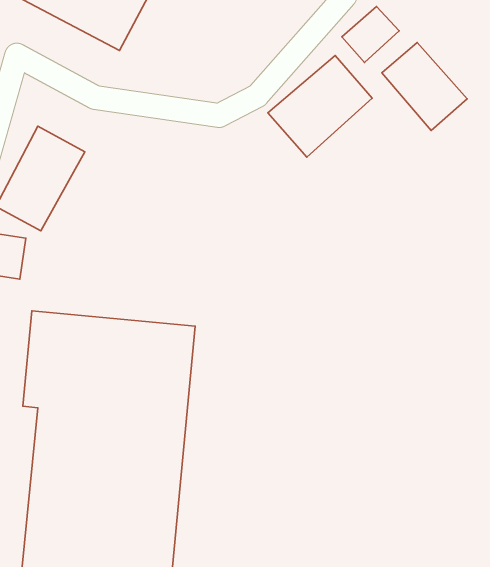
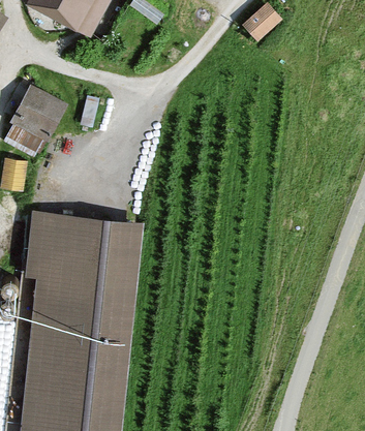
building: [382,43,467,131] -> none
building: [268,55,372,157] -> none

